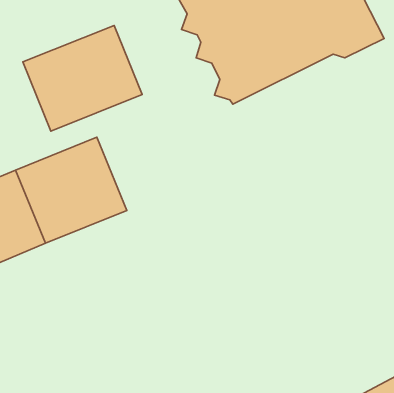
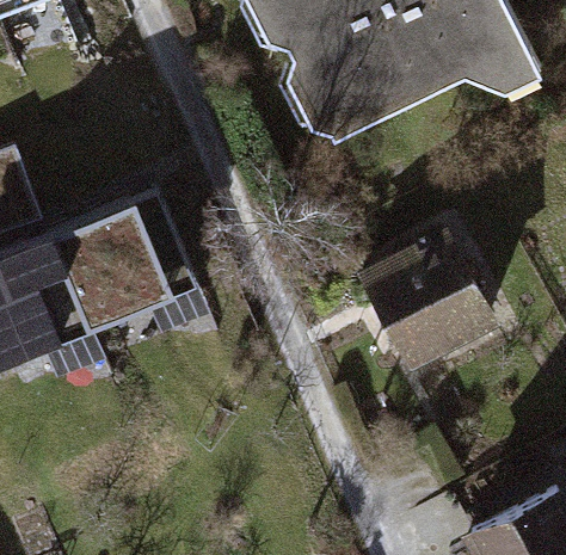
building: [23,25,142,131] -> none
building: none -> [365,238,491,364]

